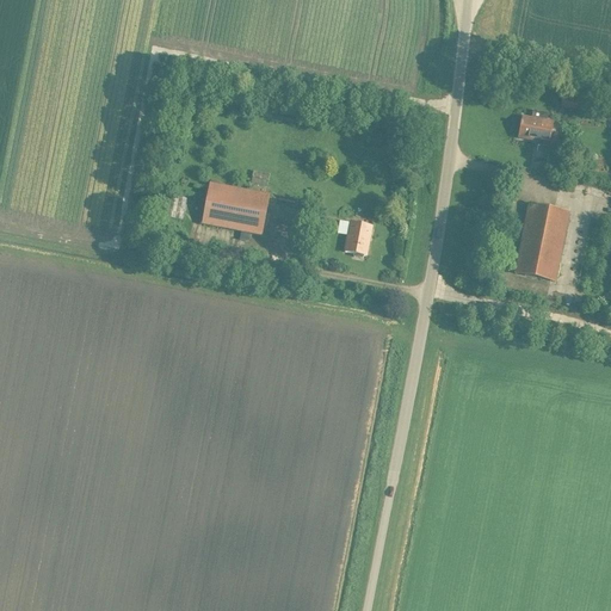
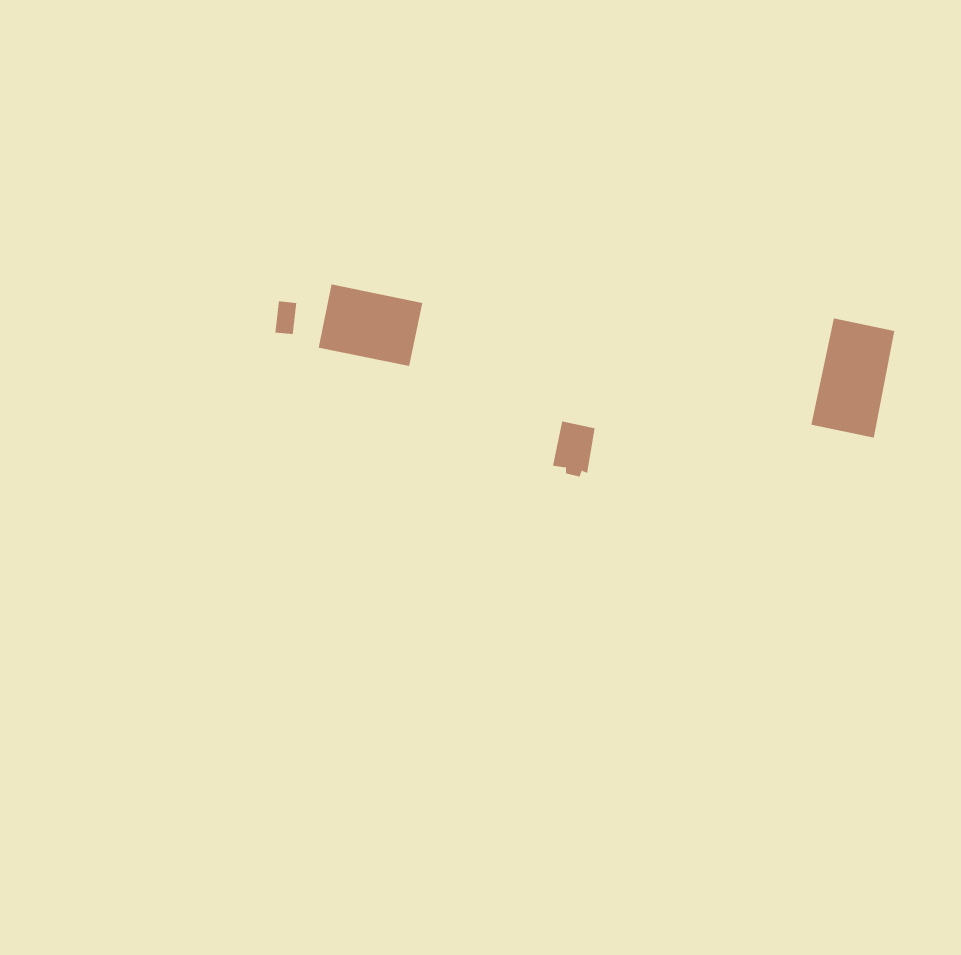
building: [518,107,553,143] -> none
building: [344,220,371,255] -> [552,421,595,477]

